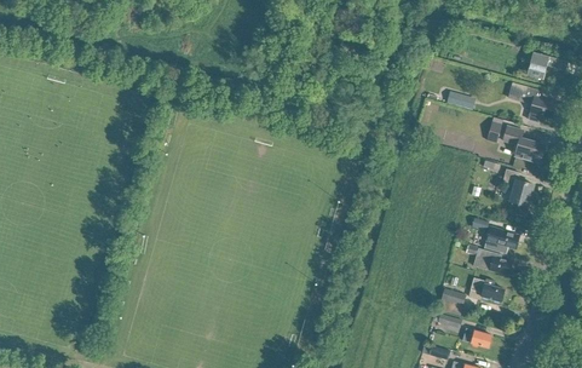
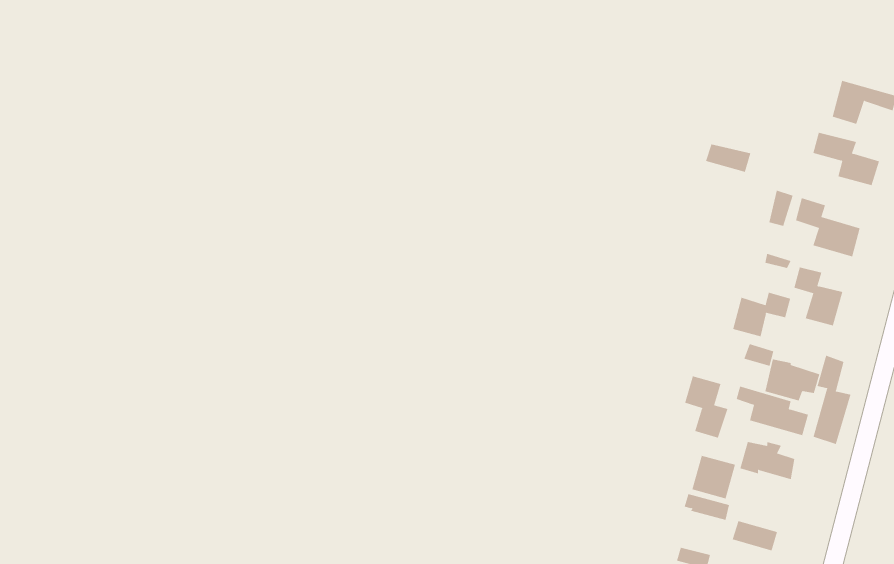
building: none -> [733,292,791,337]
building: none -> [813,355,851,445]
building: none -> [684,376,728,438]

